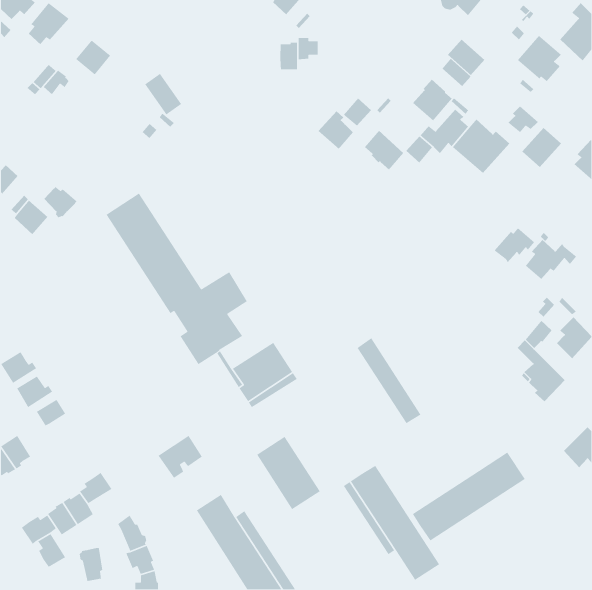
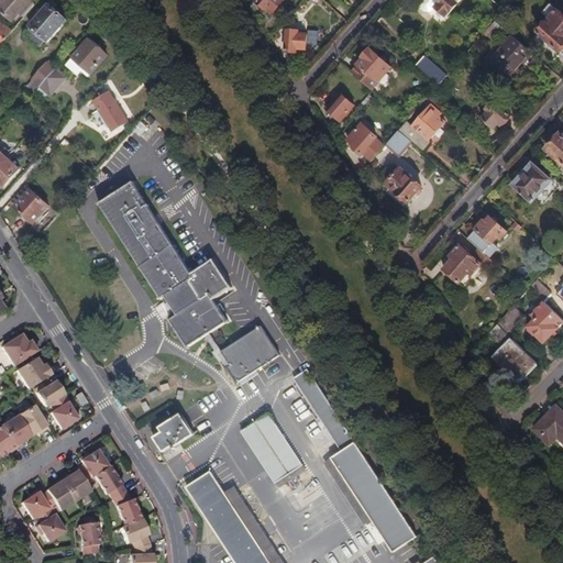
building: [447,39,485,76] -> none
building: [279,42,298,70] -> none
building: [144,73,182,116] -> [93,89,130,130]
building: [412,79,453,122] -> [352,47,390,88]
building: [318,110,354,150] -> none
building: [452,119,510,174] -> none
building: [521,127,562,168] -> [515,161,553,199]
building: none -> [385,169,420,207]
building: [44,186,77,218] -> none
building: [525,239,577,280] -> [444,243,494,282]
building: [357,337,421,424] -> [295,367,356,450]
building: none -> [47,393,76,428]
building: none -> [16,402,46,433]
building: [412,452,526,542] -> none
building: none -> [92,464,123,497]

